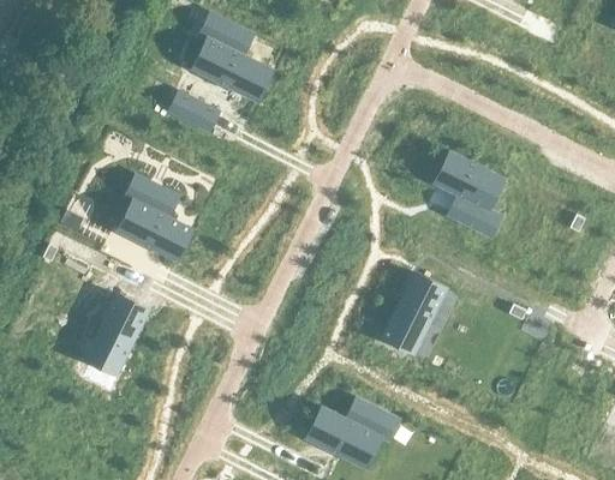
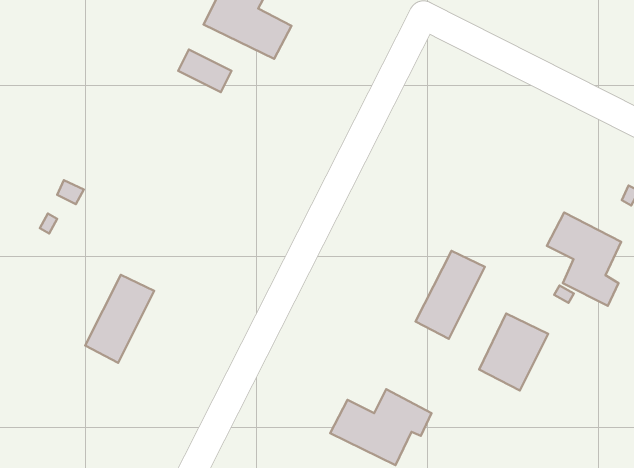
building: [435,151,502,235] -> [547,212,621,306]
building: [118,174,191,258] -> none
building: none -> [479,314,548,391]

